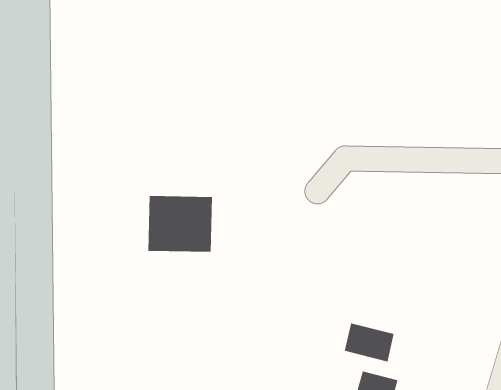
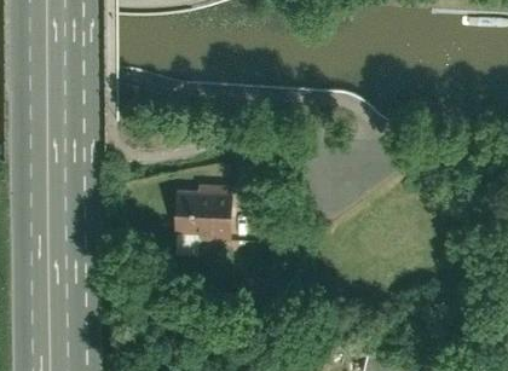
building: [344,322,395,362] -> none

